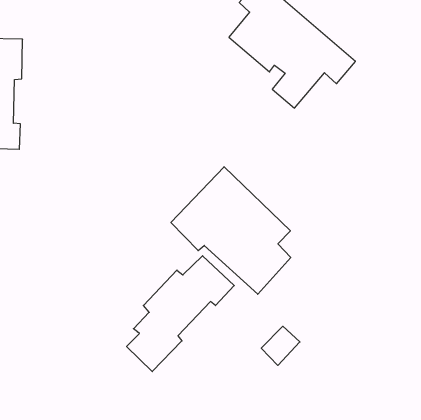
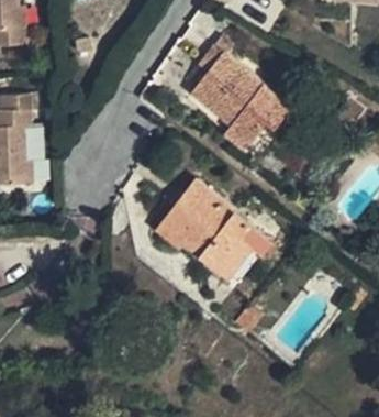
building: [127,256,234,372] -> none

